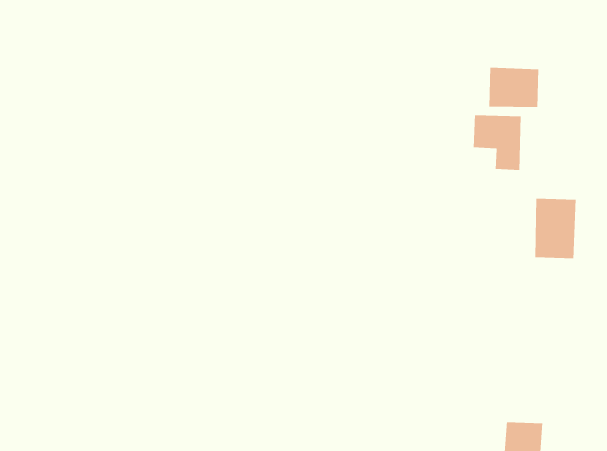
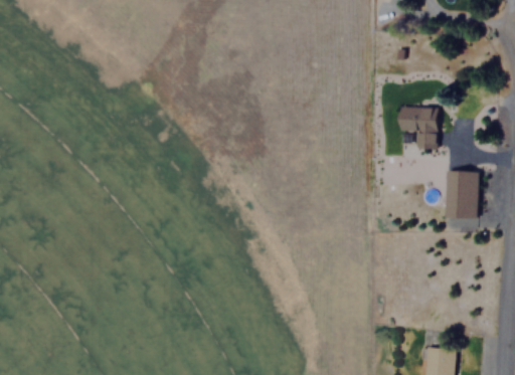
building: [488,67,539,108] -> none

